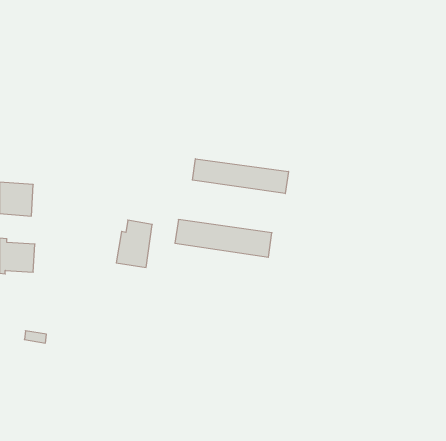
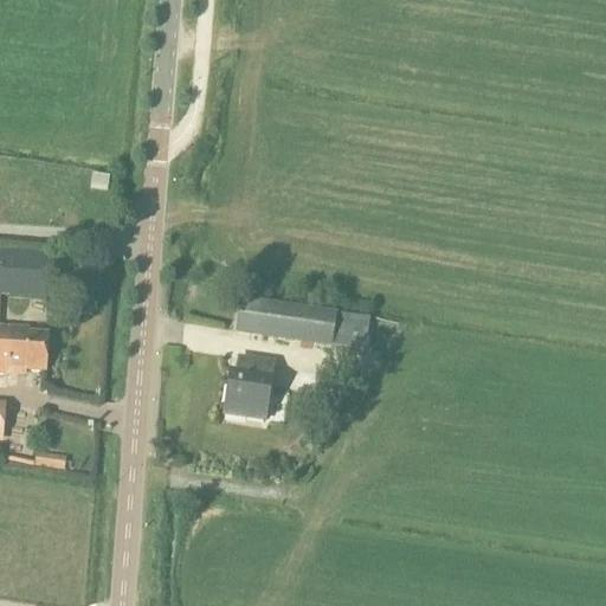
building: [192,159,288,194] -> none
building: [116,220,152,267] -> [224,353,272,417]

